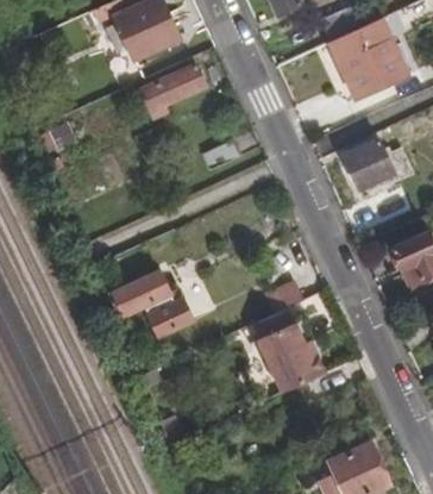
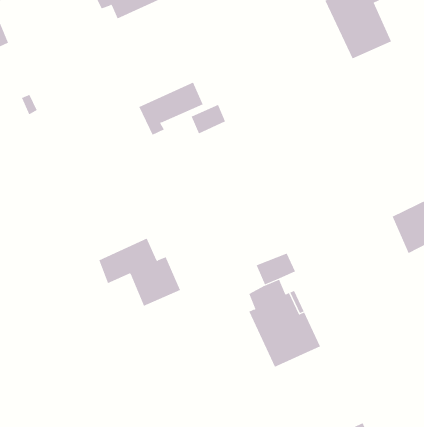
building: [140,68,202,119] -> [139,82,203,136]
building: [344,139,393,188] -> none

